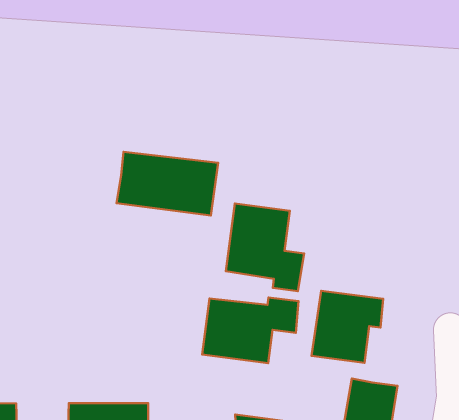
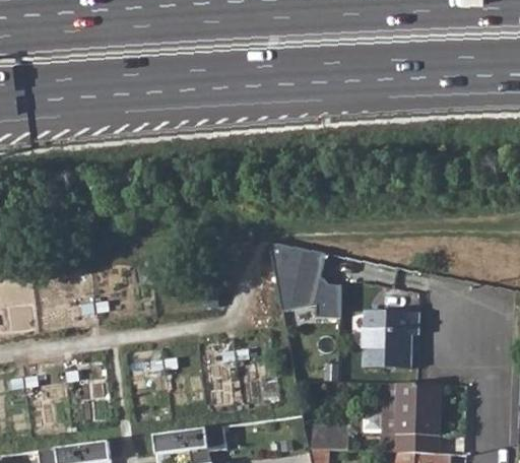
building: [116,152,218,216] -> none
building: [202,297,299,363] -> none

